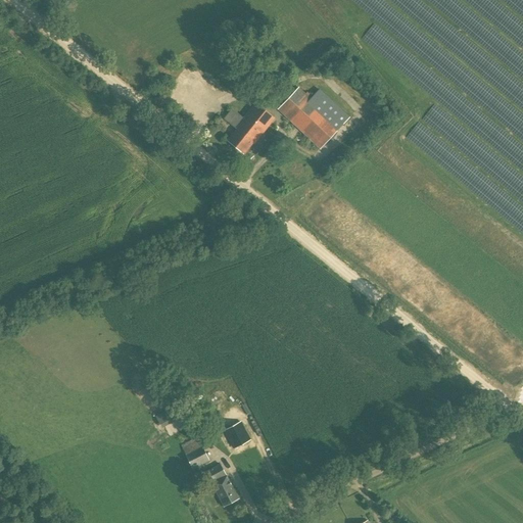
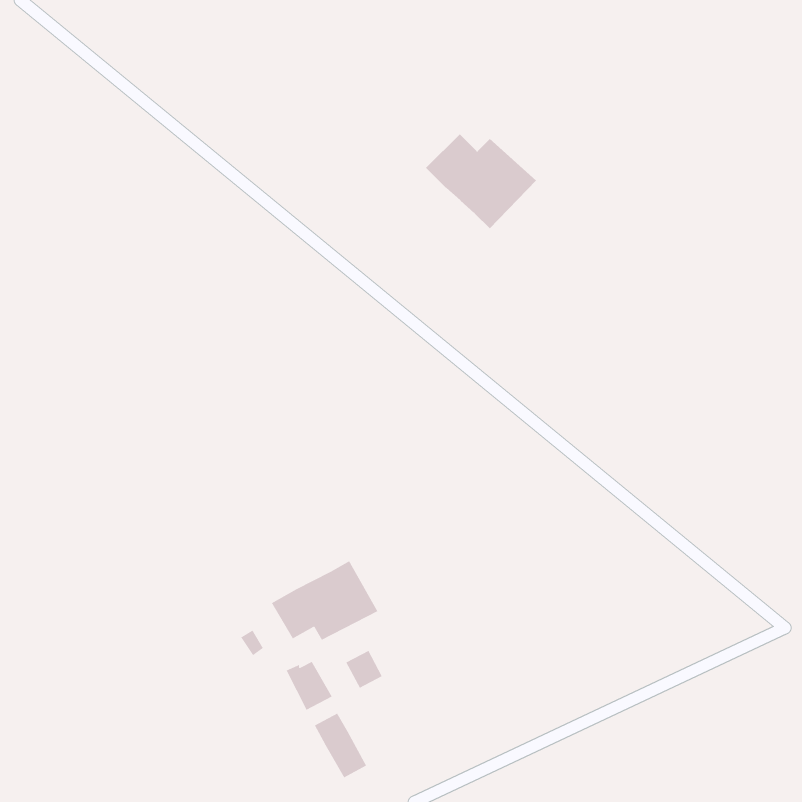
building: [224,102,275,153] -> none
building: none -> [271,560,378,641]

